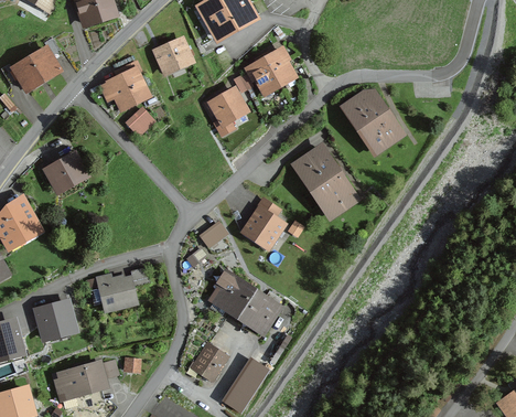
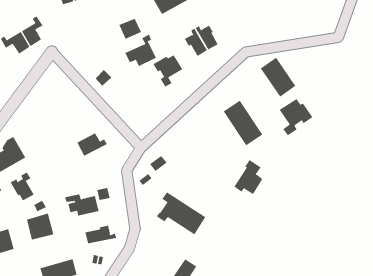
building: [103,63,146,107] -> [125,34,157,67]
building: none -> [279,98,313,136]
building: [47,157,89,189] -> [76,133,108,157]
building: [241,200,281,247] -> [234,159,263,195]
building: none -> [10,171,34,201]
building: none -> [85,225,117,244]
building: [194,346,225,377] -> none

